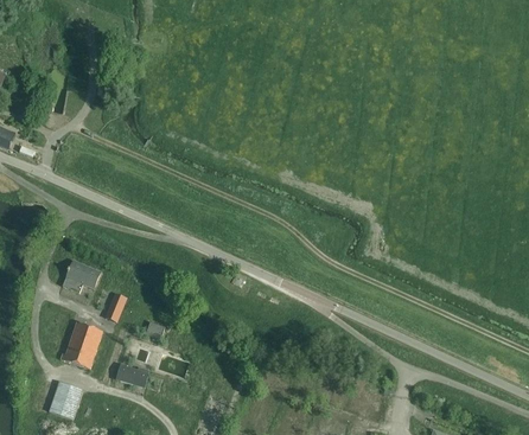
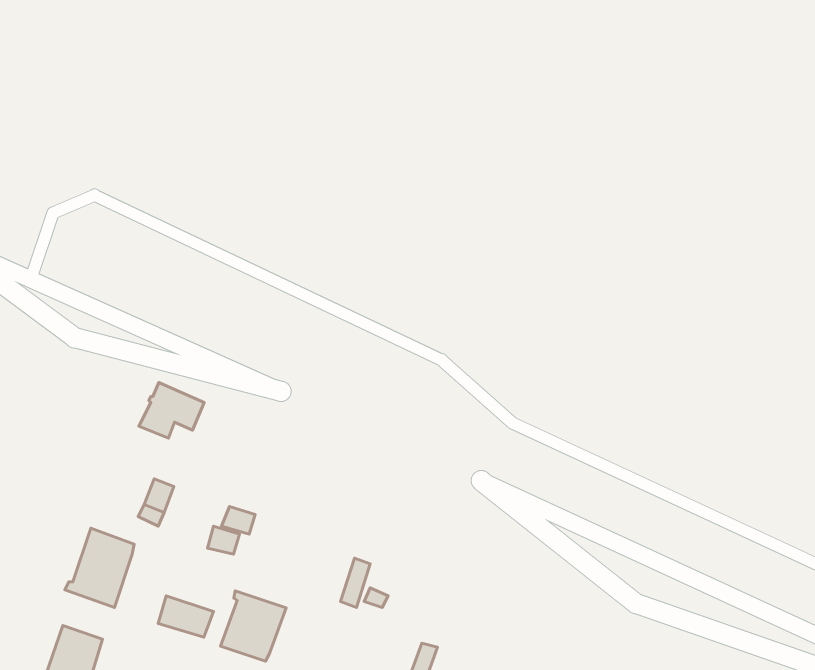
building: [62,258,101,292] -> [139,383,204,438]
building: none -> [220,591,286,661]

